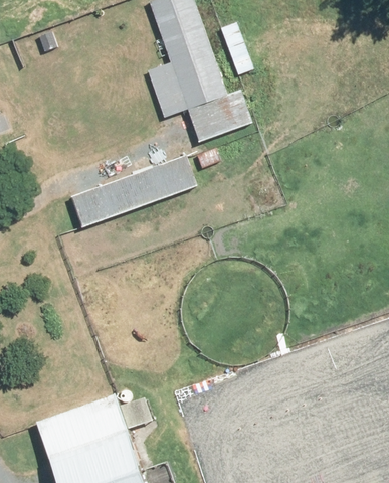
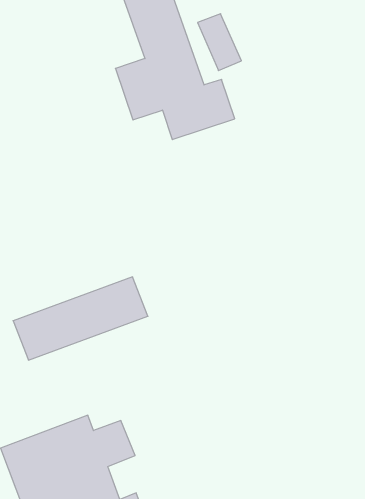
building: [70,155,194,231] -> [13,277,148,360]

